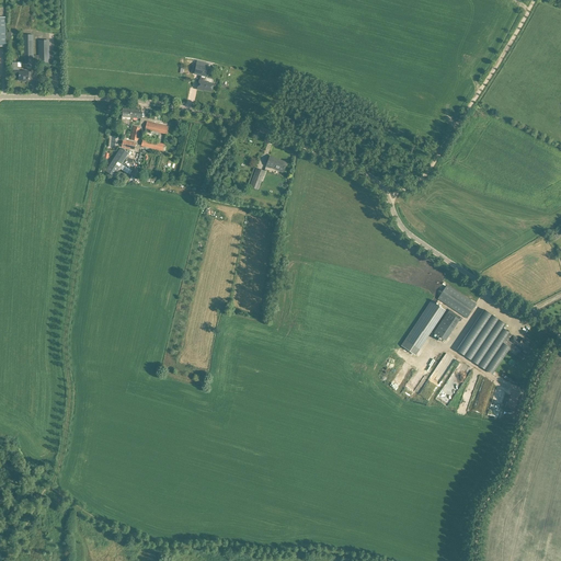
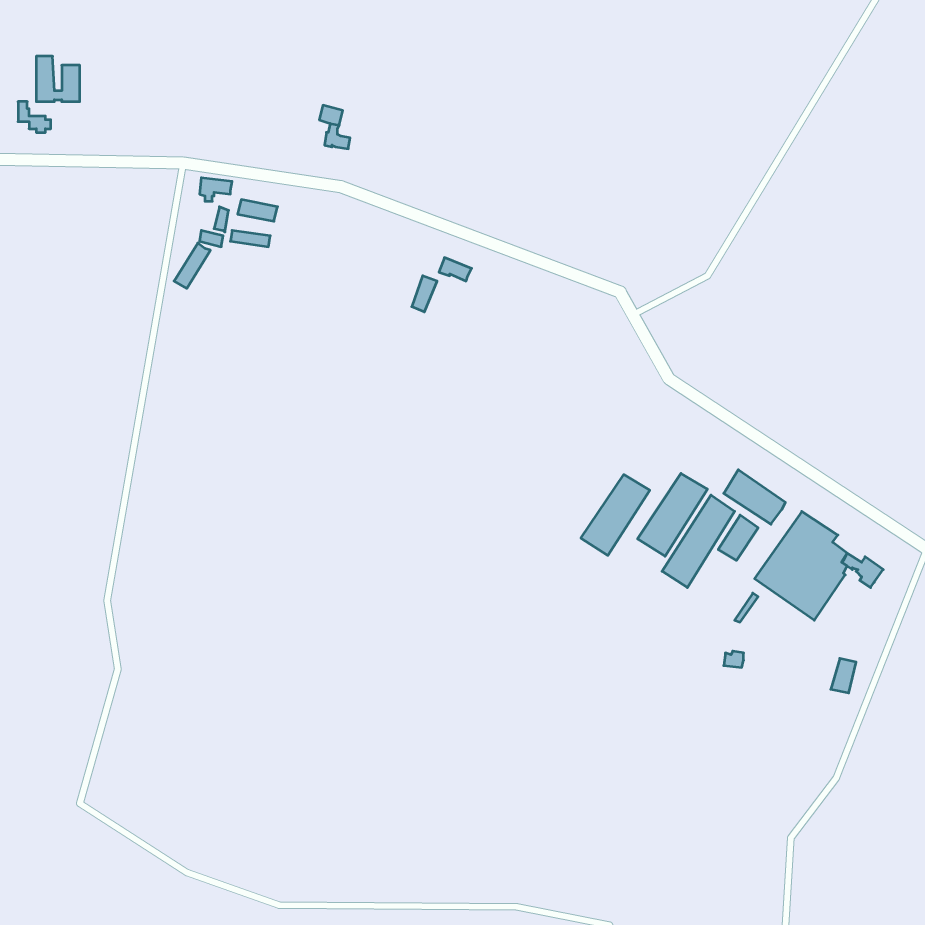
building: none -> [638,473,707,556]
building: none -> [581,475,650,555]

